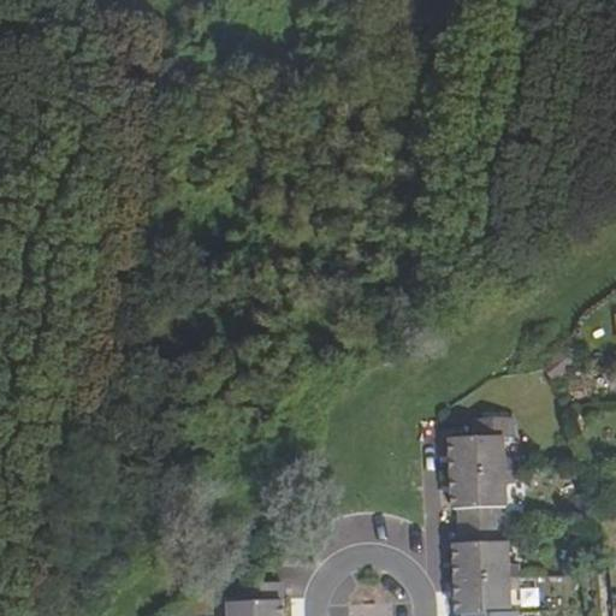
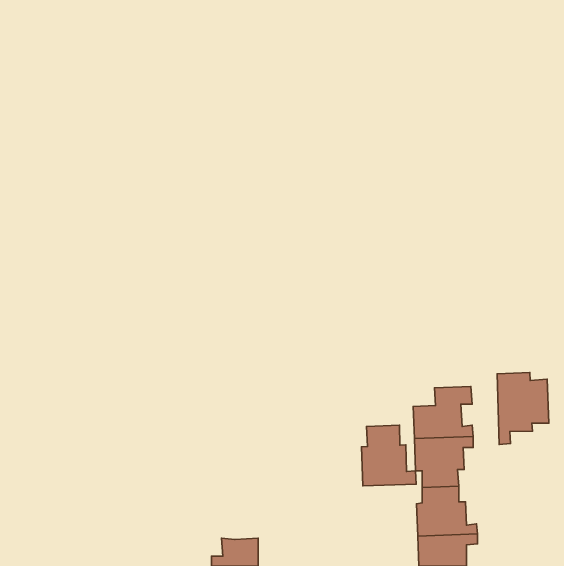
building: none -> [497,373,549,444]
building: none -> [362,425,416,486]

